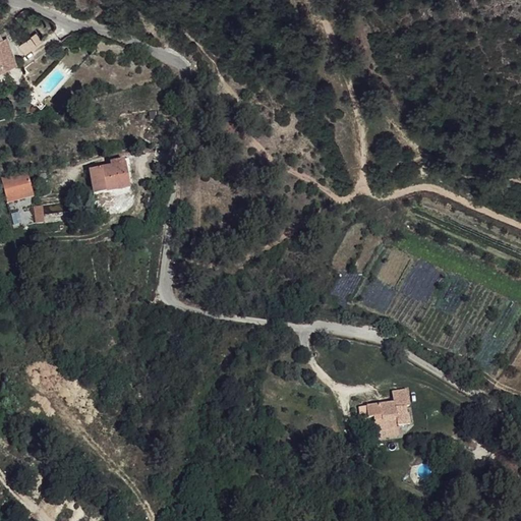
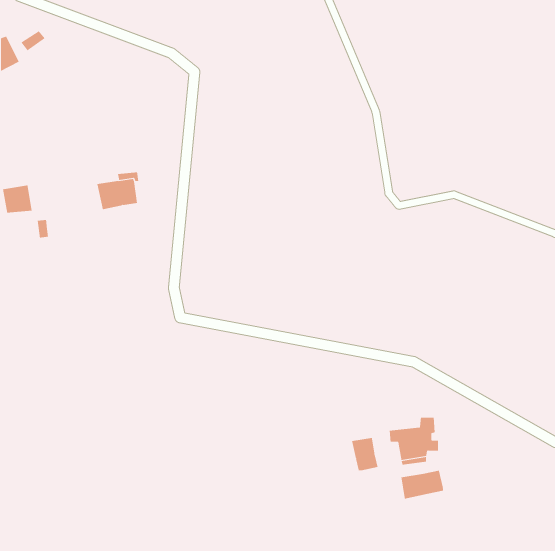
building: none -> [352,437,378,471]
building: none -> [401,470,443,500]

